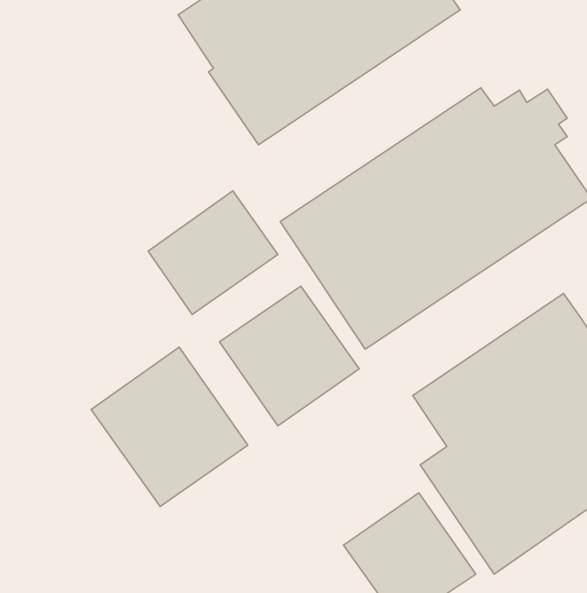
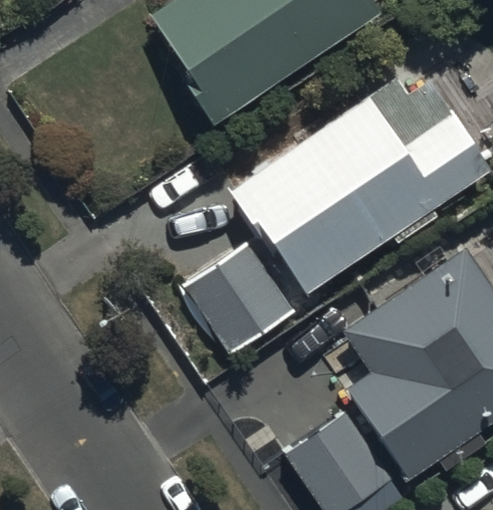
building: [148,191,278,315] -> none
building: [91,347,248,506] -> none

